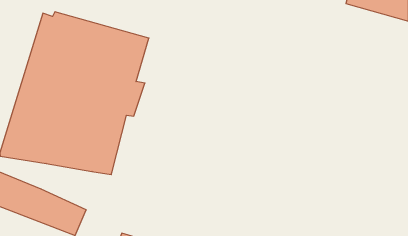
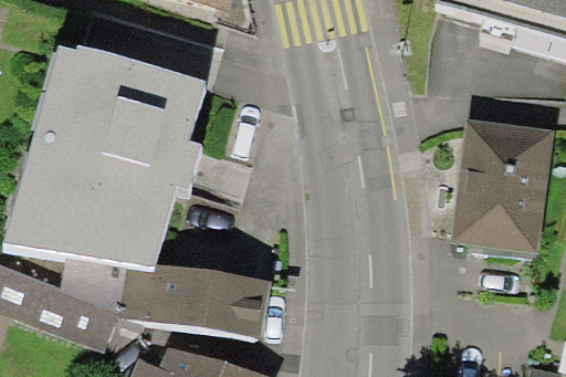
building: none -> [451,119,555,254]
building: none -> [60,252,272,341]

